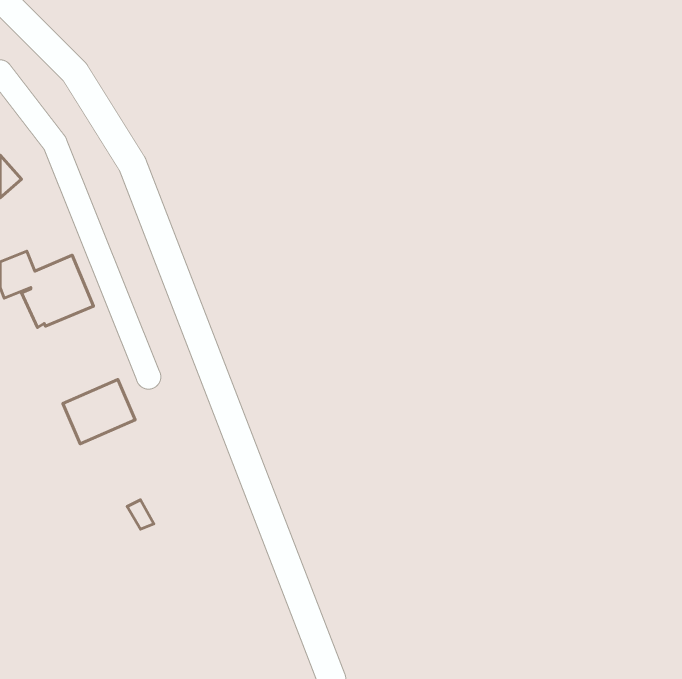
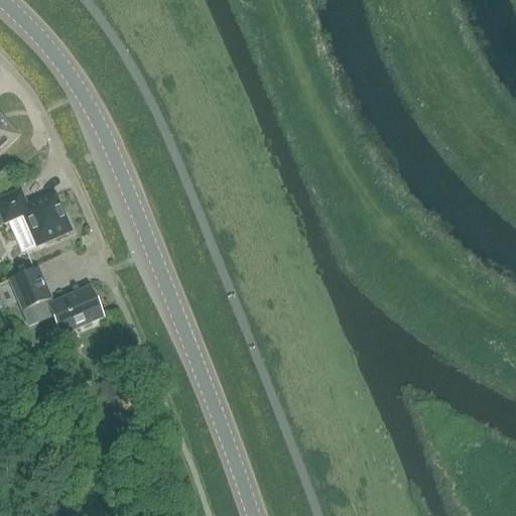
building: none -> [9,266,48,311]

